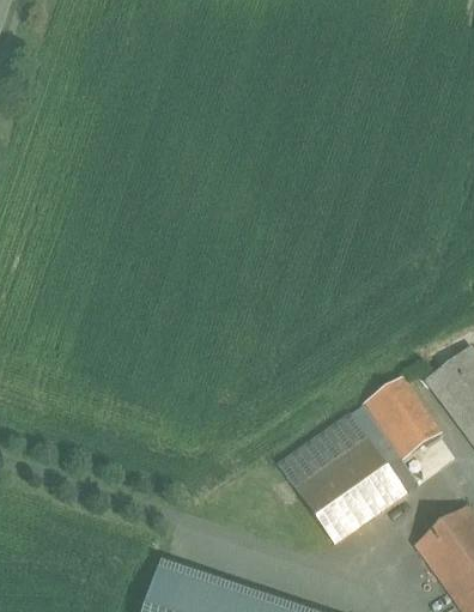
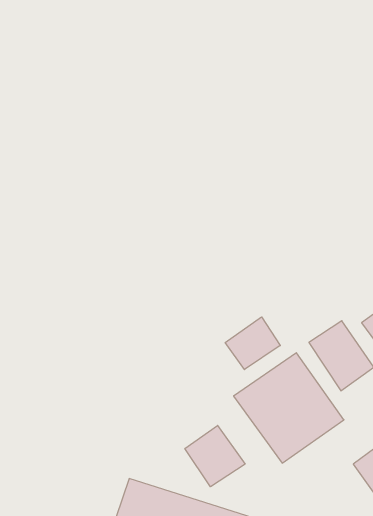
building: none -> [225,317,280,370]
building: none -> [185,425,245,487]

